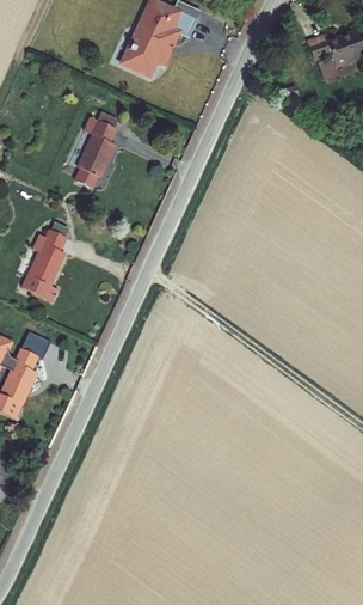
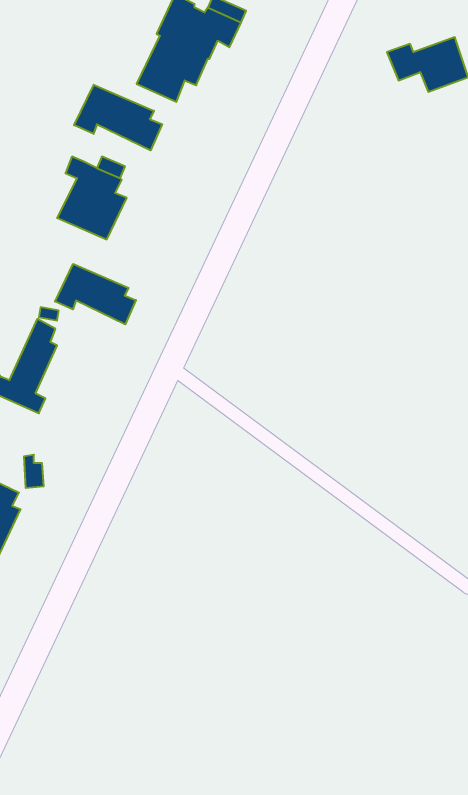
building: none -> [74,85,162,150]
building: none -> [55,264,136,324]

